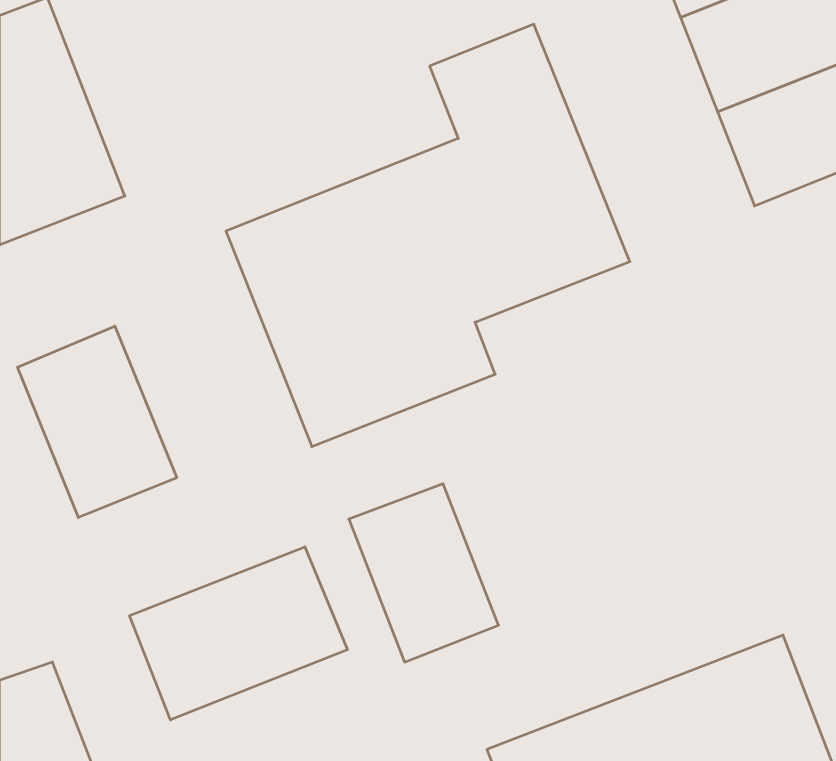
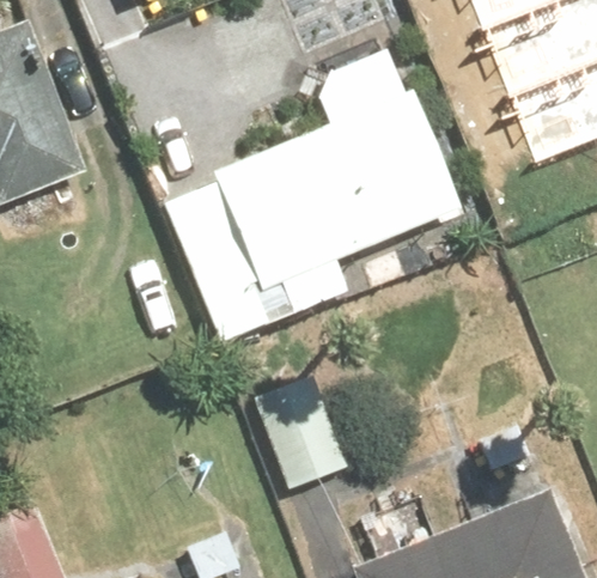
building: [18,326,177,518] -> none
building: [130,547,347,720] -> none

